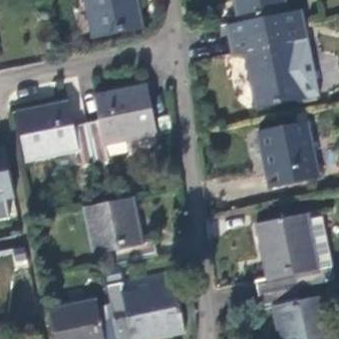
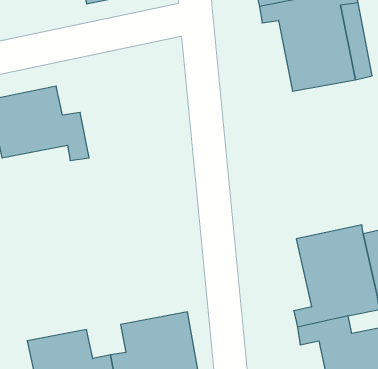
building: [86,86,154,159] -> none
building: [259,119,318,187] -> none
building: [82,199,154,265] -> none

